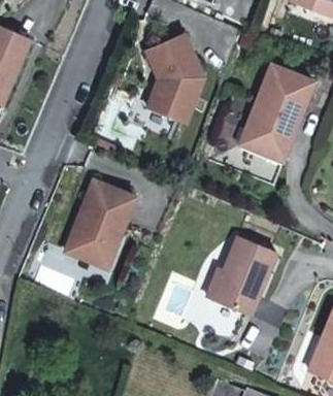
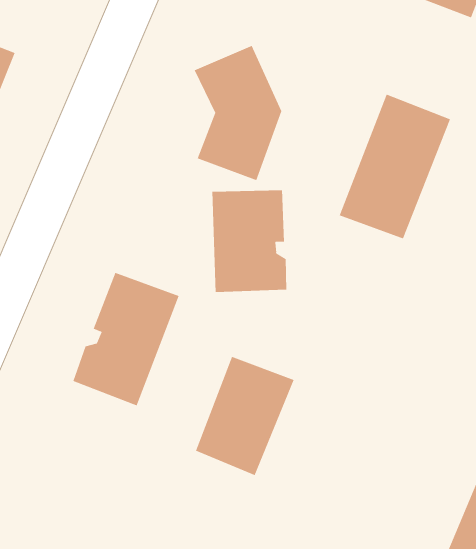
building: none -> [212,190,287,293]
building: [213,237,278,316] -> [195,356,294,476]

